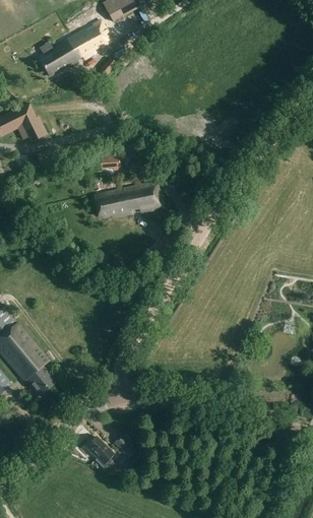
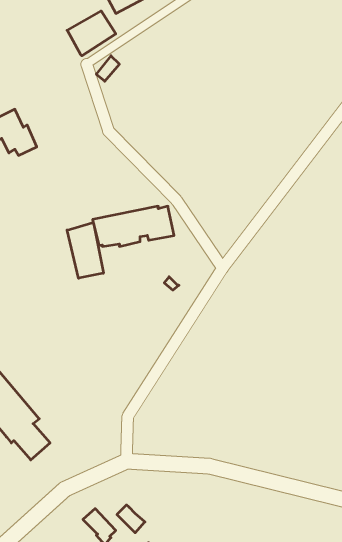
building: [38,37,83,76] -> none
building: none -> [67,223,103,278]

